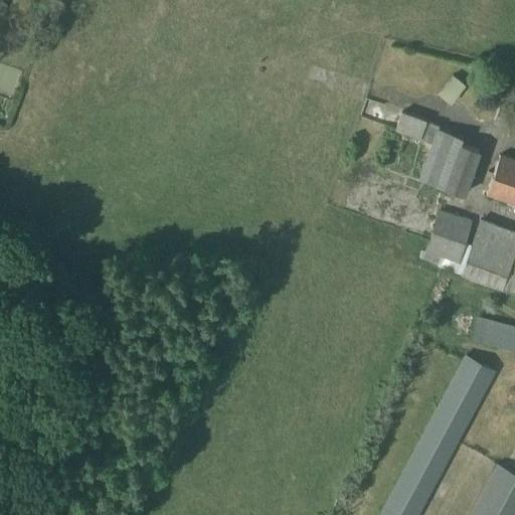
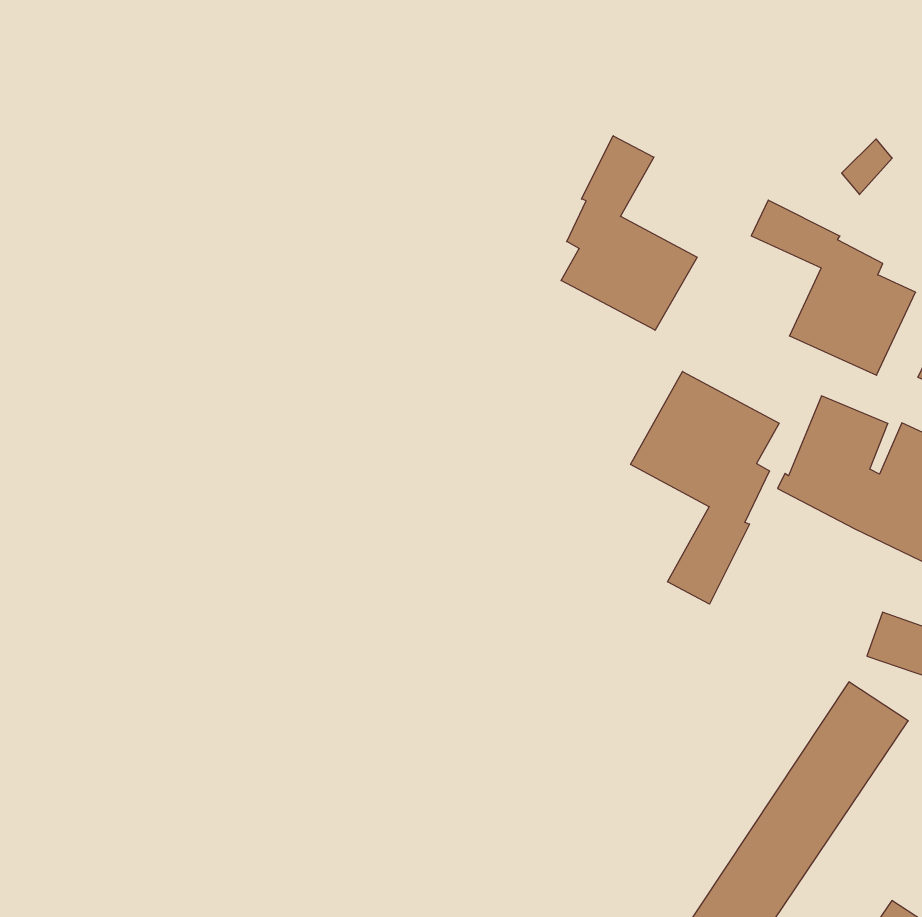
building: none -> [561,136,697,330]
building: none -> [631,371,779,604]

